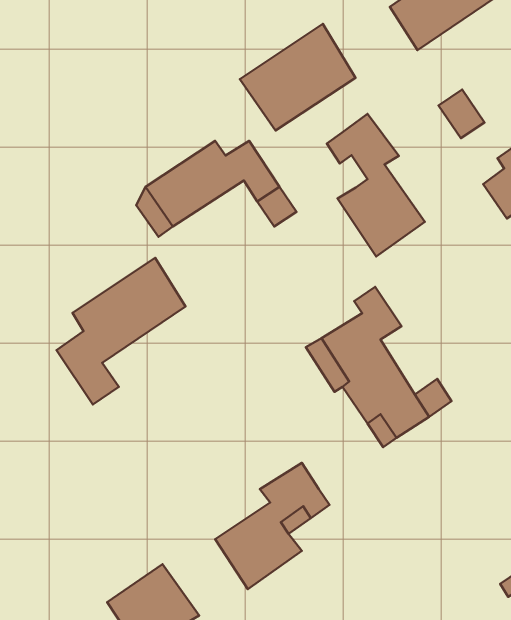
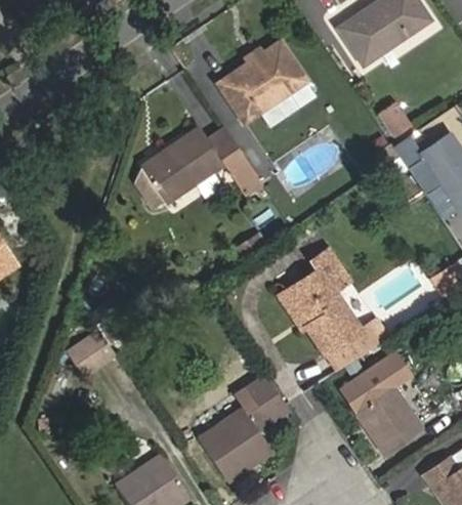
building: [327,114,425,257] -> none
building: [57,258,185,405] -> none
building: none -> [70,333,117,378]
building: none -> [340,355,419,454]

